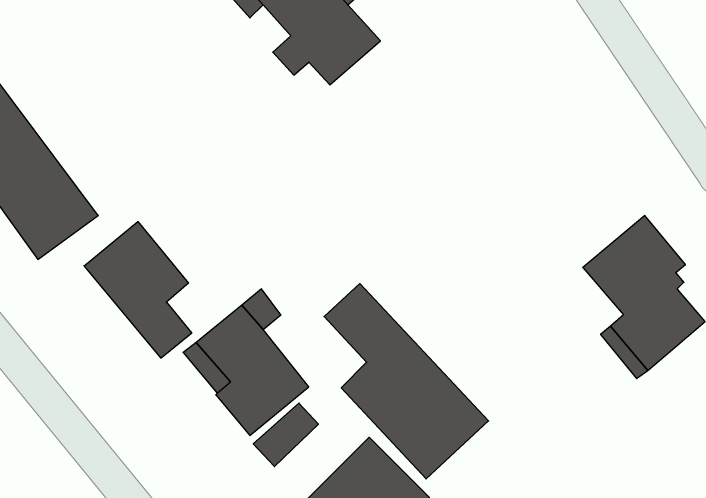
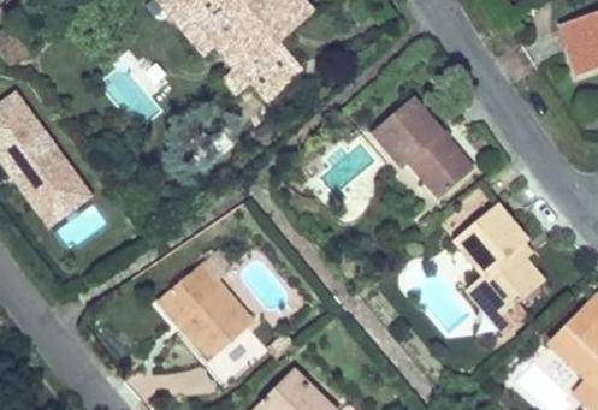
building: none -> [372,94,474,195]
building: [84,222,192,358] -> none
building: [324,284,489,479] -> none

